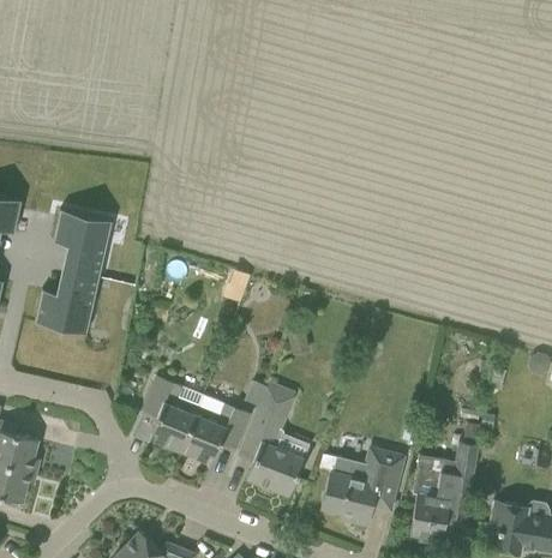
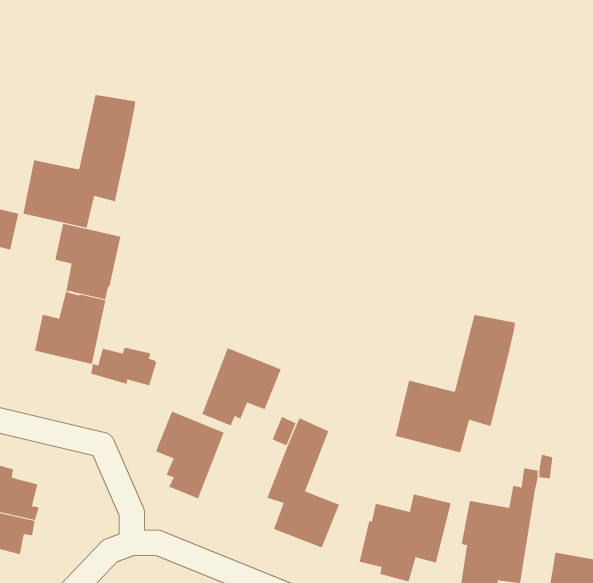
building: none -> [23,94,136,228]
building: none -> [395,314,516,453]
building: none -> [90,347,157,386]
building: [180,394,251,463] -> [201,347,282,426]

